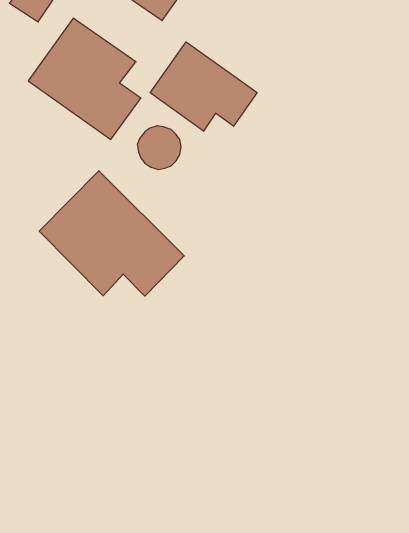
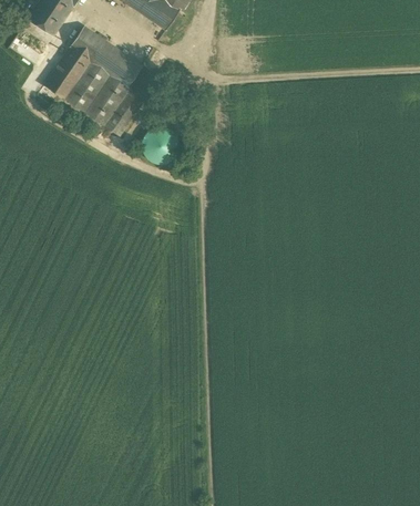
building: [150,42,257,131] -> none
building: [39,171,184,296] -> none

